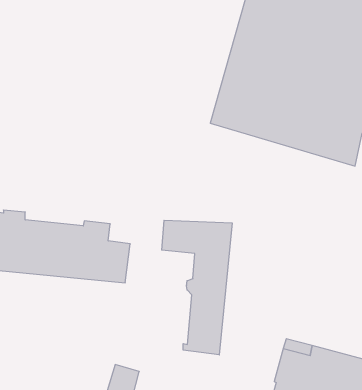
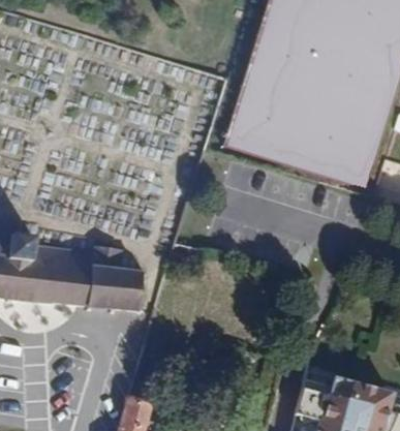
building: [162,220,232,355] -> none

